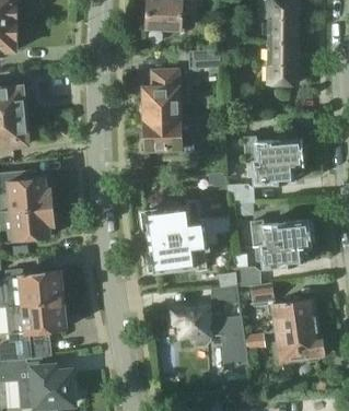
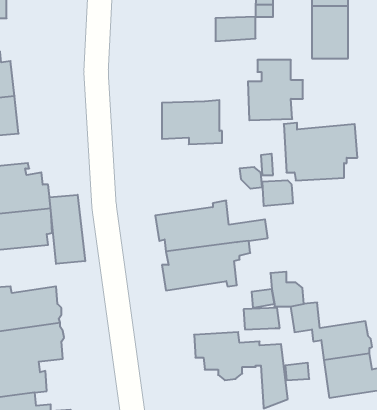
building: [144,71,189,120] -> [248,60,303,120]
building: none -> [50,195,85,264]
building: [252,220,313,268] -> none

